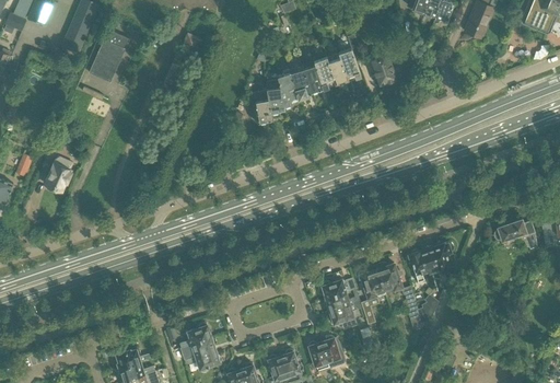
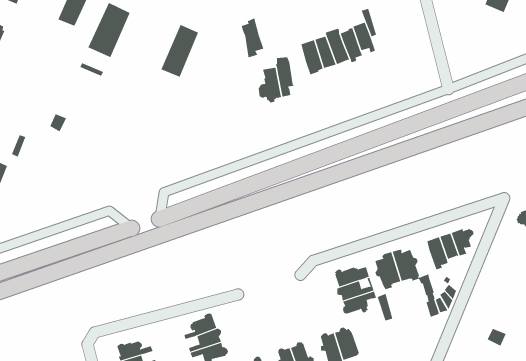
building: [371,54,400,85] -> none
building: [277,69,299,107] -> [241,18,264,58]
building: [38,158,72,193] -> none

